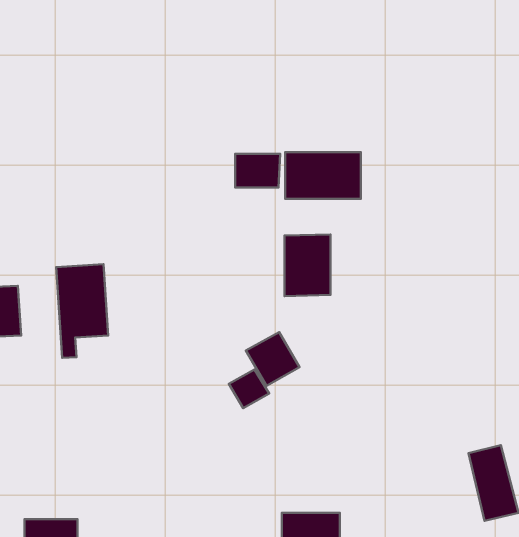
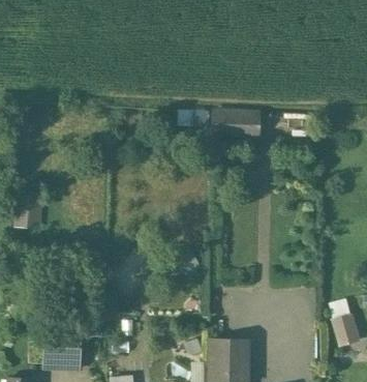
building: [285,235,330,296] -> none
building: [56,264,108,358] -> none
building: [246,332,300,386] -> none

